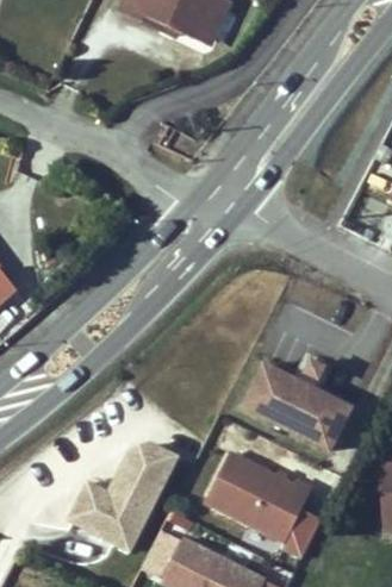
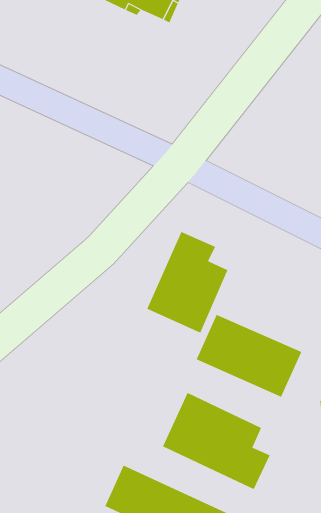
building: none -> [147,231,228,333]
building: [67,437,179,552] -> none

